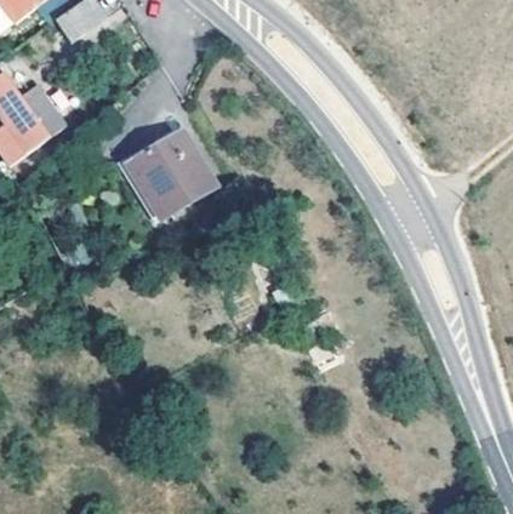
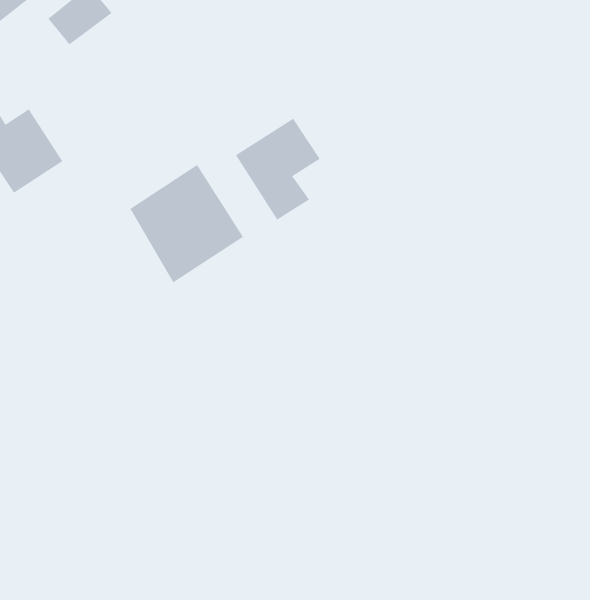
building: none -> [235,118,320,221]

